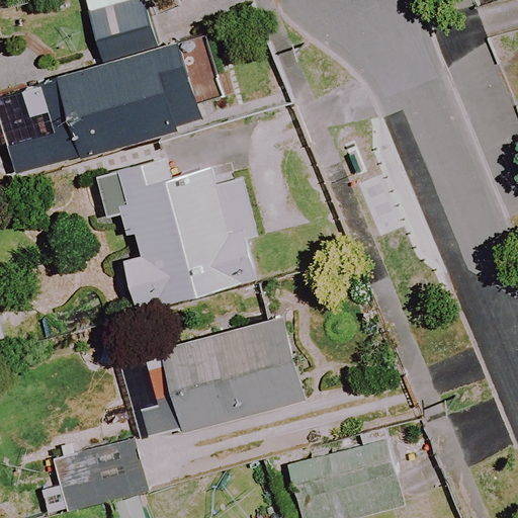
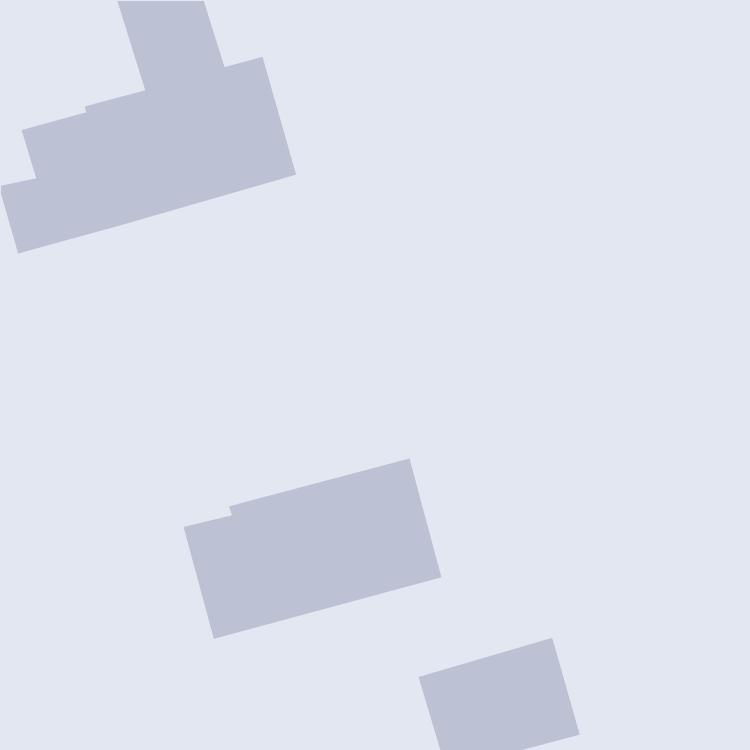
building: [121,164,259,305] -> none
building: [53,438,148,512] -> none

